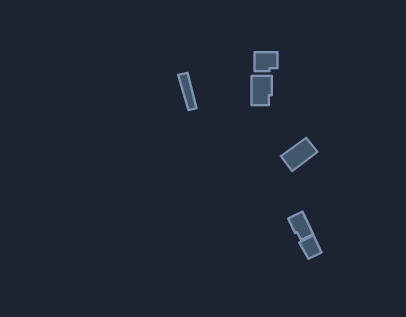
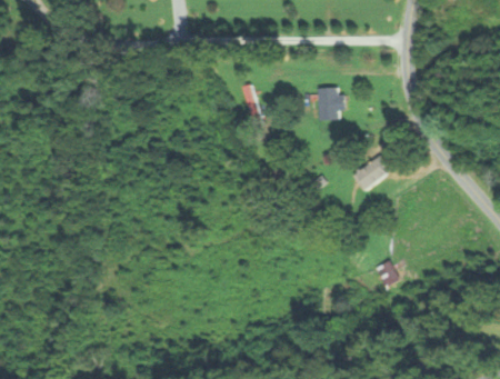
building: [254,52,278,71] -> none
building: [288,212,313,240] -> none

